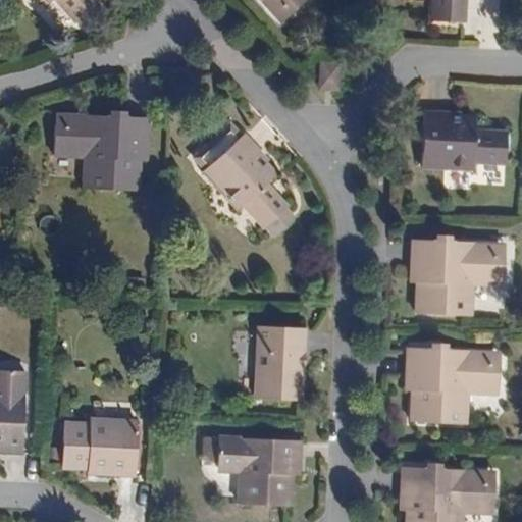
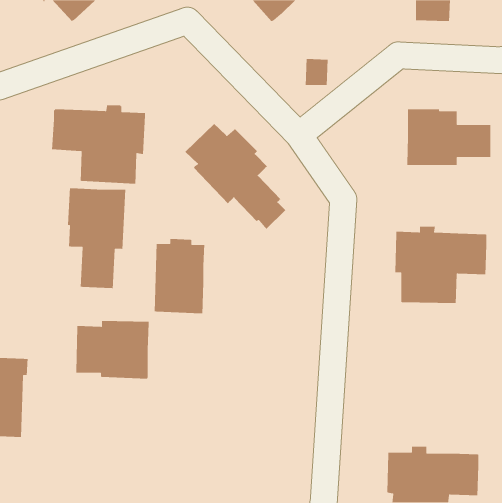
building: none -> [67,187,126,289]
building: [253,321,306,400] -> [154,238,205,314]
building: [405,342,501,423] -> none
building: [61,416,138,477] -> [75,320,149,379]
building: [218,433,302,505] -> none

